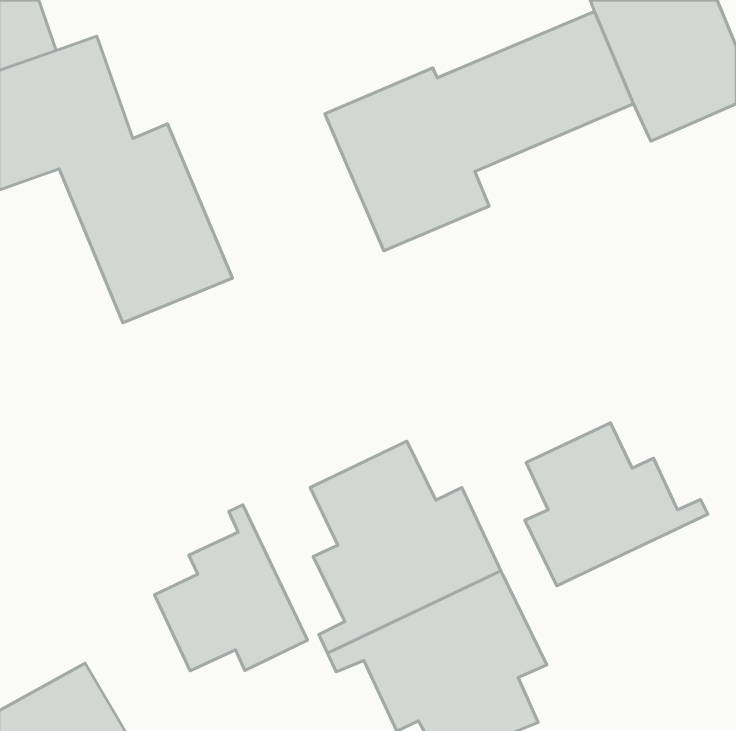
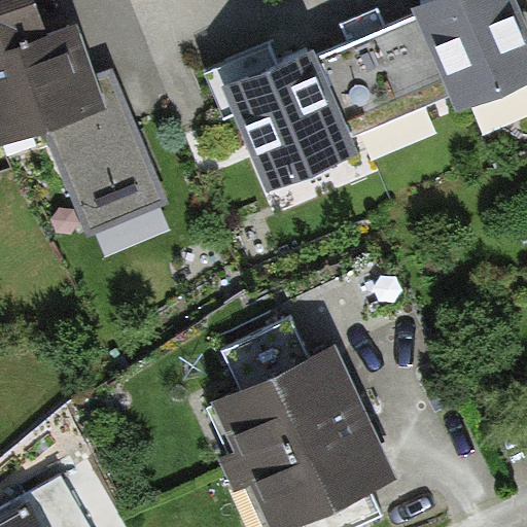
building: [525,423,708,586] -> none
building: [154,505,307,671] -> none

